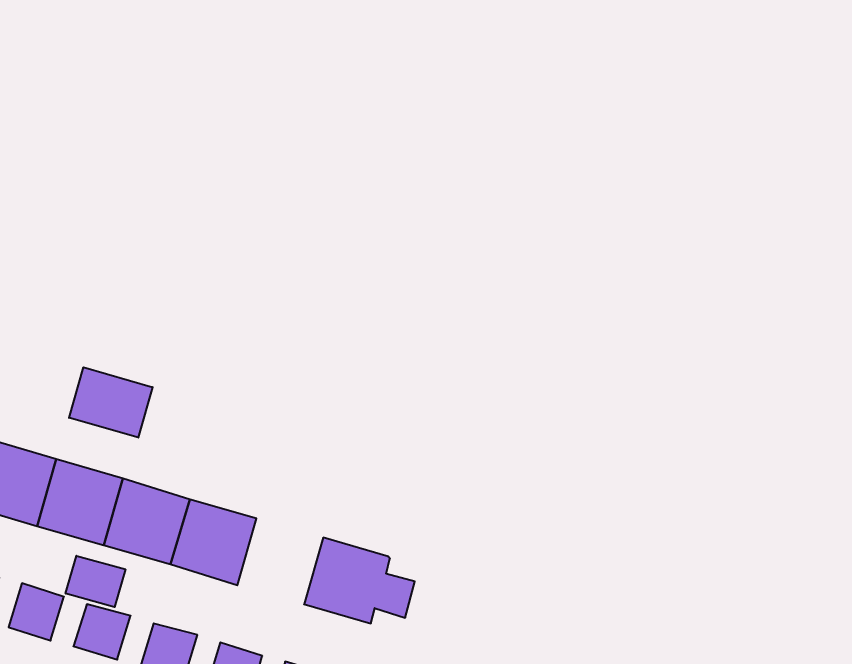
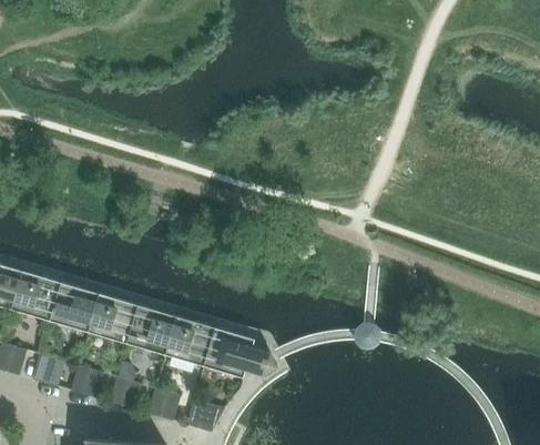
building: [69,367,153,438] -> none
building: none -> [165,314,215,364]
building: [66,556,125,607] -> none

